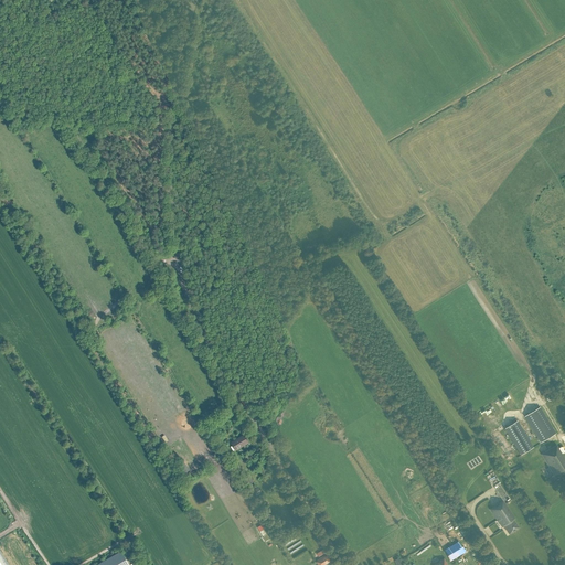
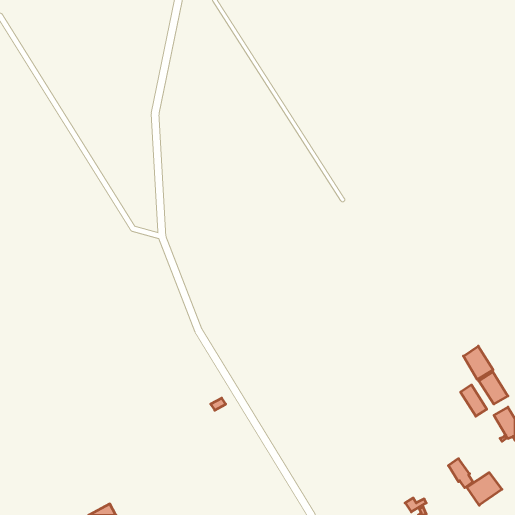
building: none -> [463,346,493,379]
building: none -> [467,473,502,505]

